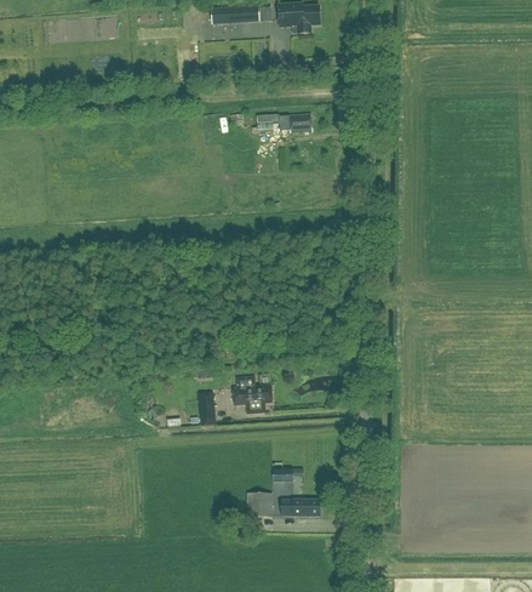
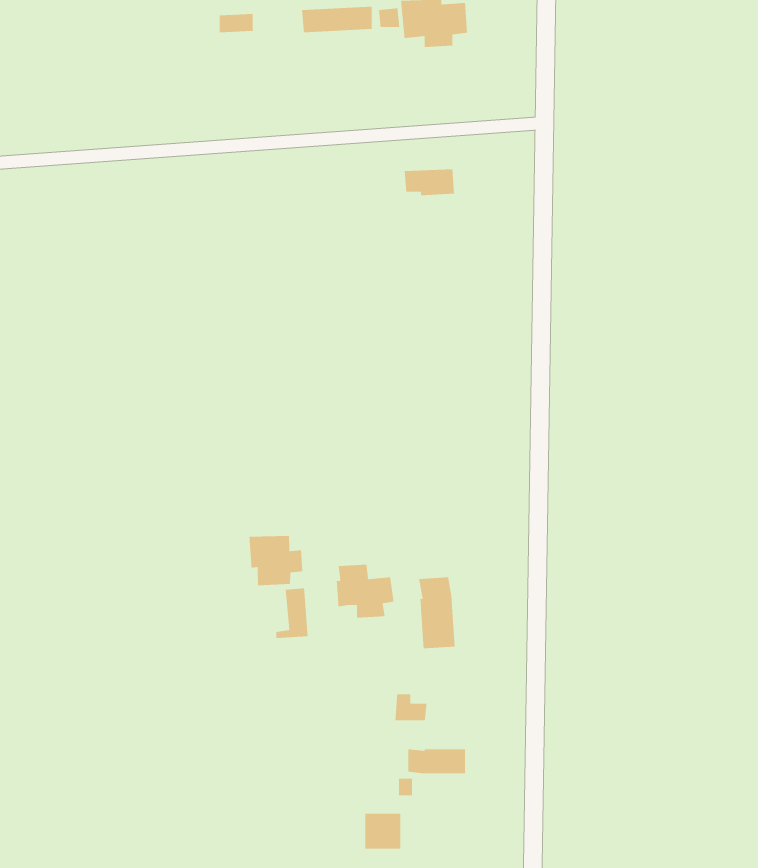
building: none -> [248,535,303,586]
building: none -> [418,576,456,649]
building: [248,494,273,518] -> [365,813,401,849]

